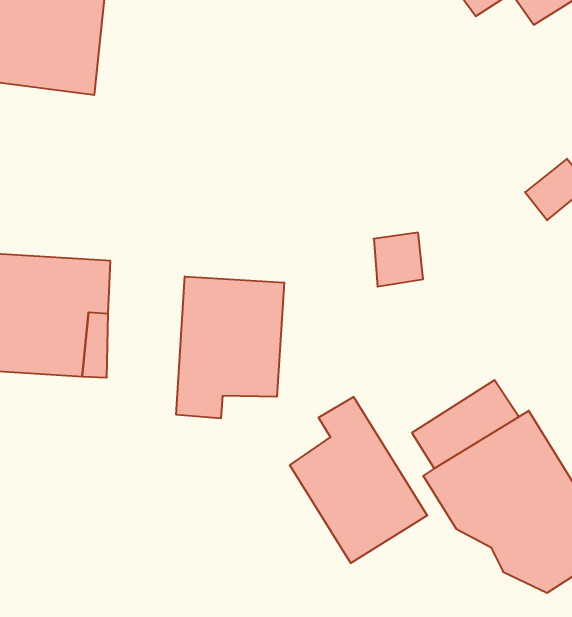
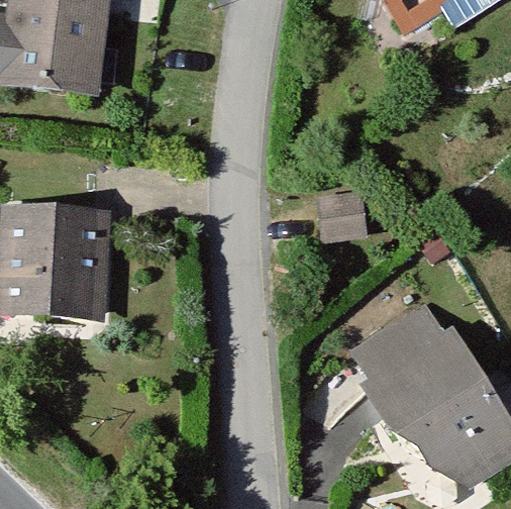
building: [176,276,284,418] -> none
building: [290,397,427,563] -> none

